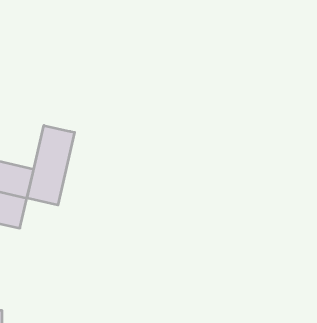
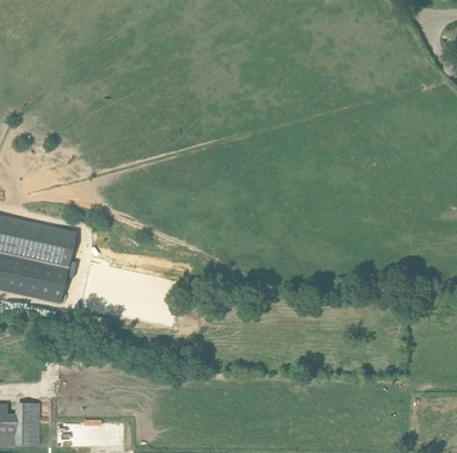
building: [27,125,75,205] -> none

